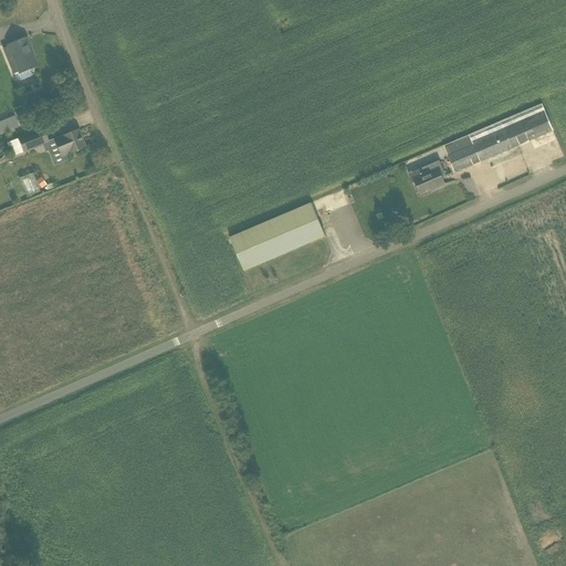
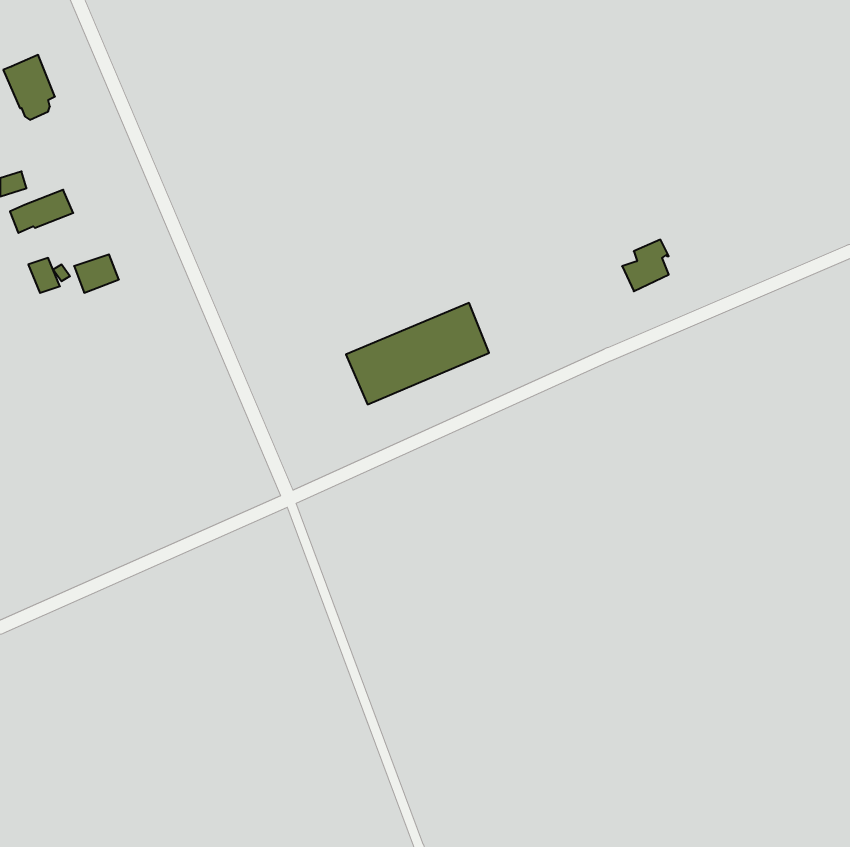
building: [444,103,553,170] -> none
building: [55,128,85,154] -> [74,254,119,293]

